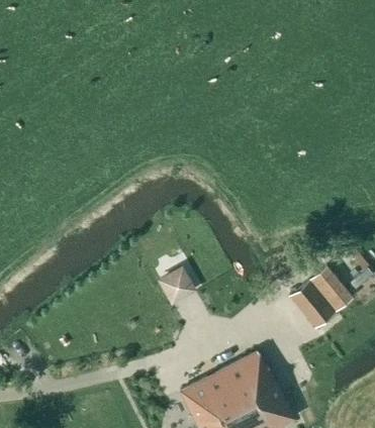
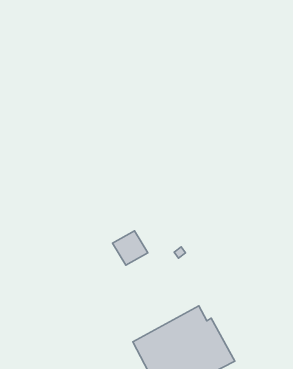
building: [291,271,349,328] -> none

